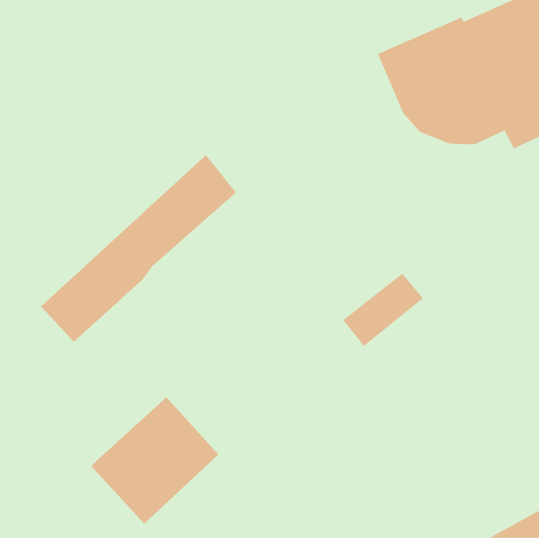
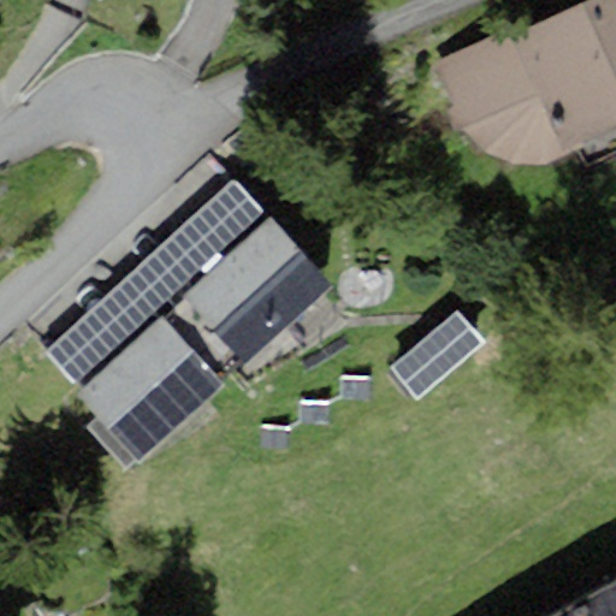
building: none -> [177,219,331,369]
building: [90,396,219,524] -> [78,318,225,463]

